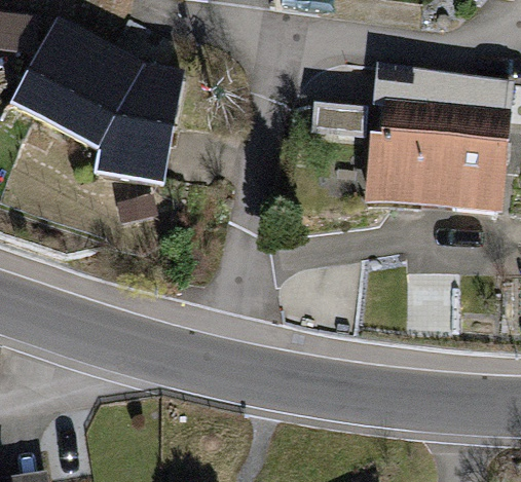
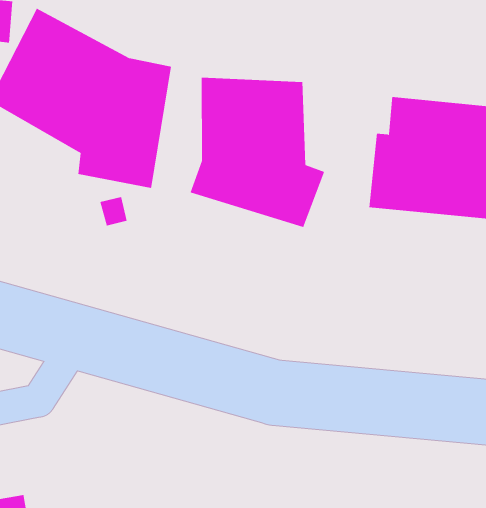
building: none -> [190,77,325,228]

